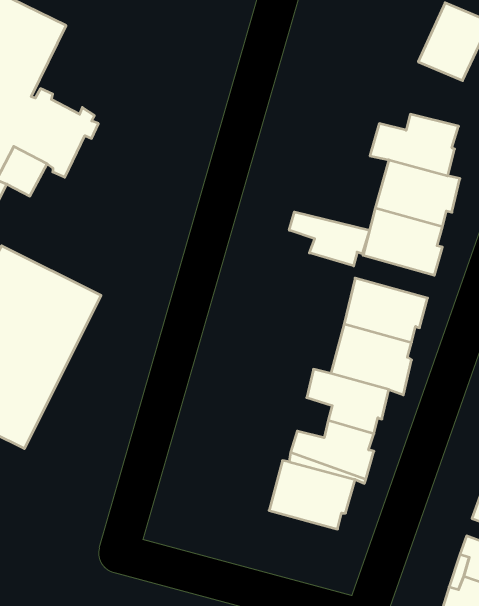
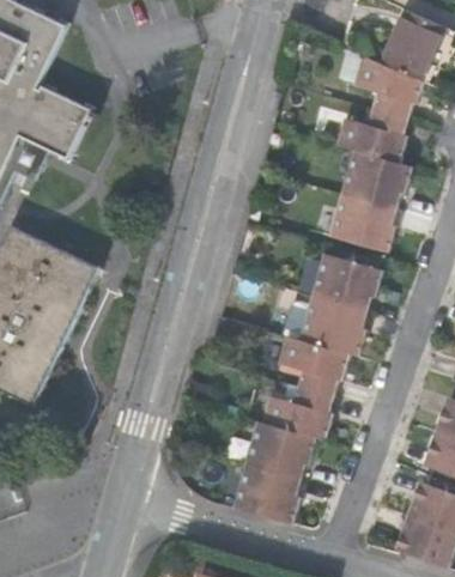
building: none -> [352,51,426,117]
building: [289,212,370,266] -> none
building: none -> [233,460,307,521]

